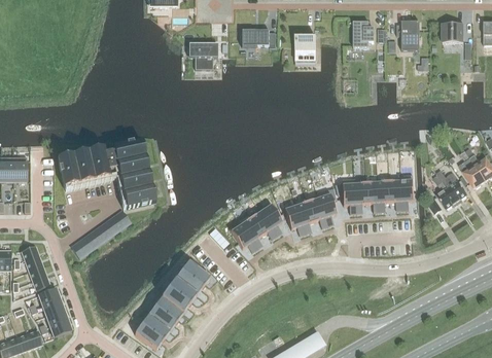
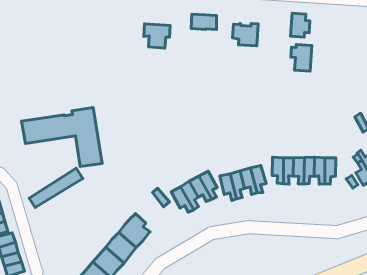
building: [396,21,419,49] -> [291,45,312,71]

